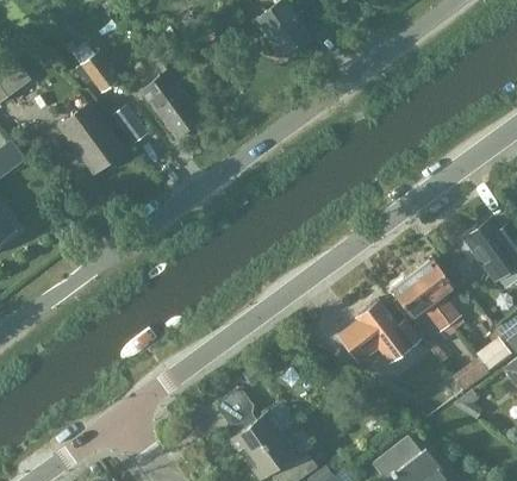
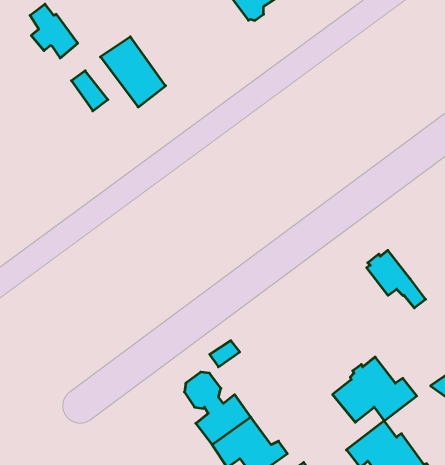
building: [58,102,124,174] -> none
building: [412,260,459,321] -> none
building: [340,300,419,362] -> [333,357,417,422]

